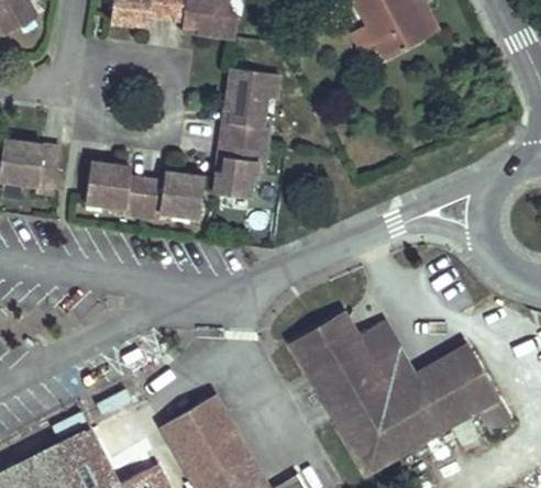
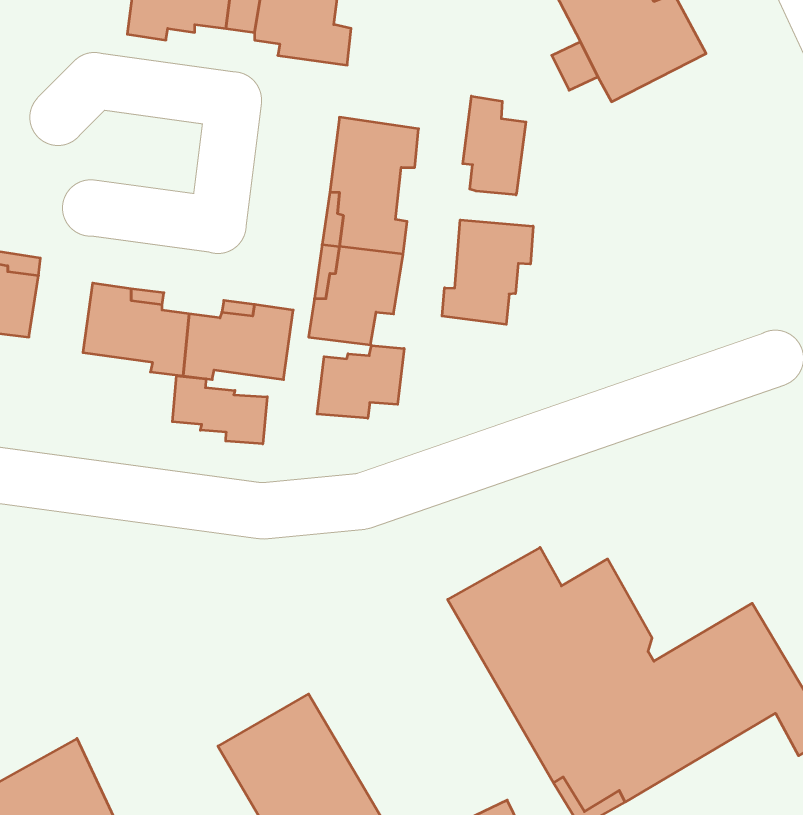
building: none -> [463,96,526,195]
building: none -> [442,220,533,324]
building: none -> [317,345,404,418]
building: none -> [172,376,267,444]

